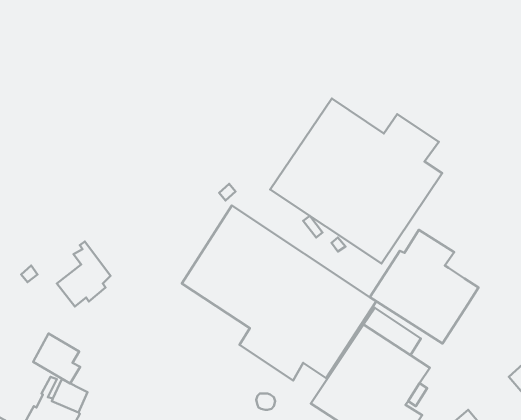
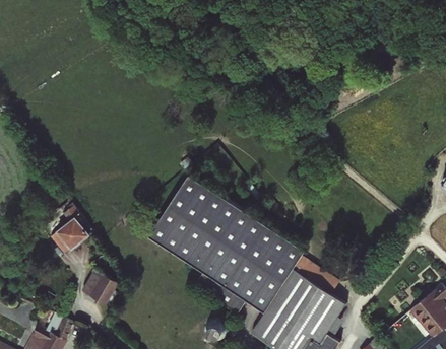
building: [270,99,442,264] -> none
building: [370,230,479,344] -> none
building: [33,334,80,383] -> [82,268,120,307]

